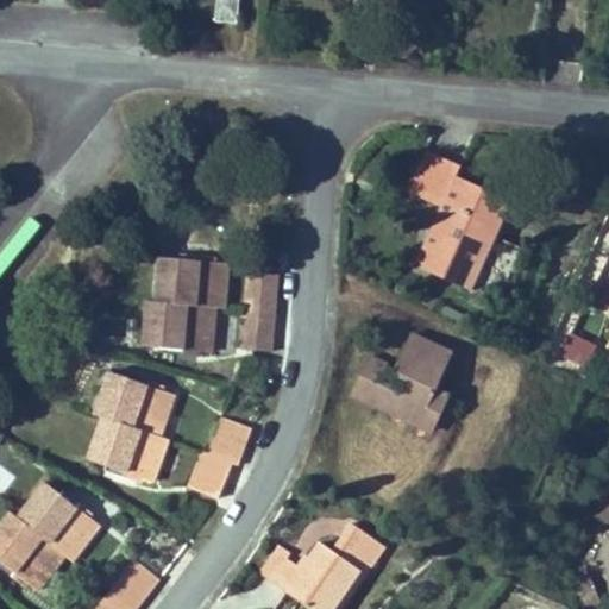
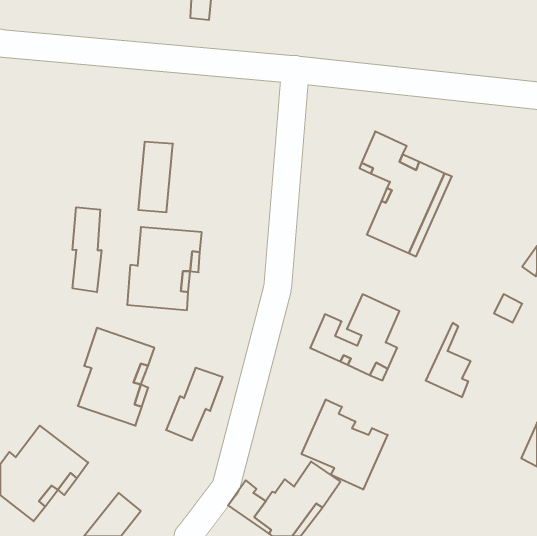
building: none -> [73,207,101,292]
building: [240,271,280,351] -> [138,142,173,212]
building: none -> [426,323,470,397]
building: none -> [302,399,388,490]

